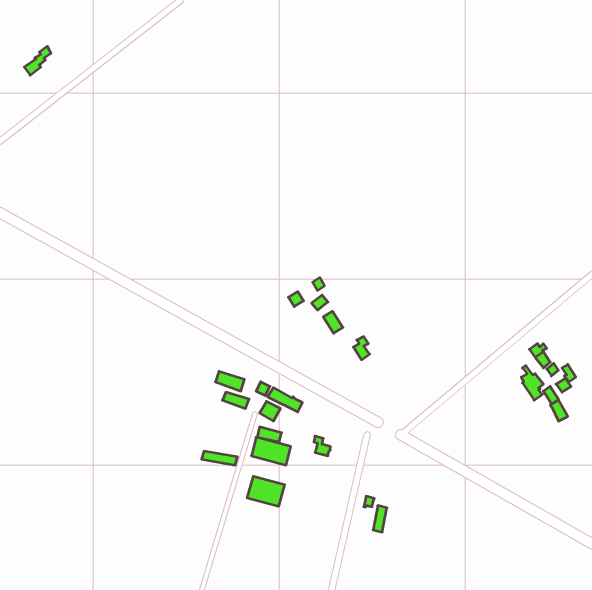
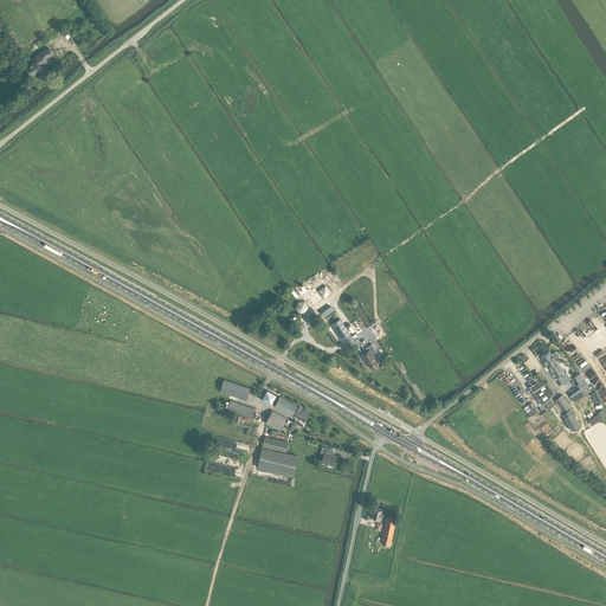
building: [247,476,285,506] -> none

